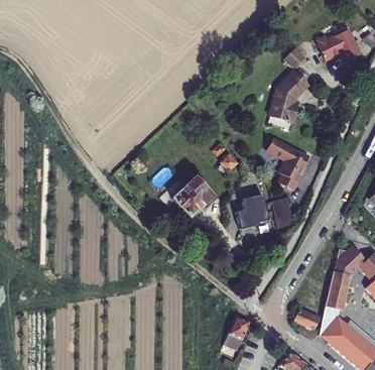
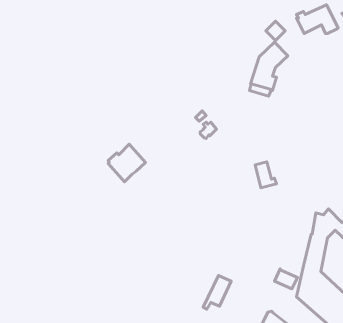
building: [268,139,311,188] -> none
building: [171,174,211,214] -> [108,144,146,182]
building: [237,193,271,229] -> none

